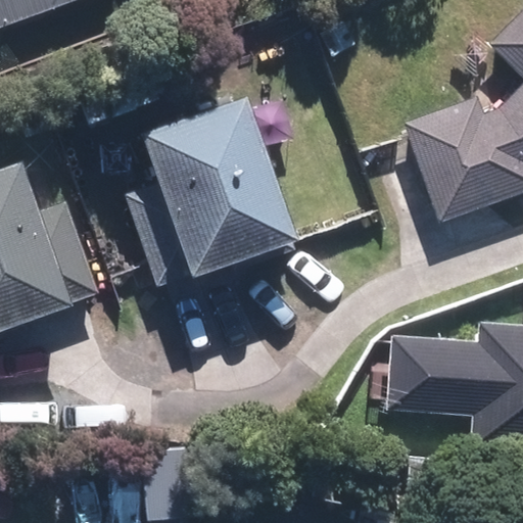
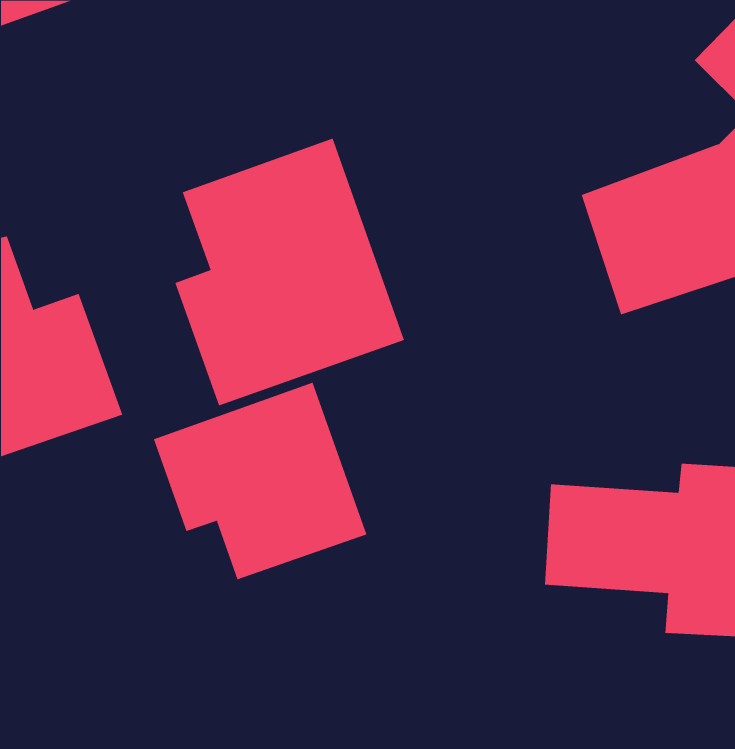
building: none -> [153,382,367,580]

